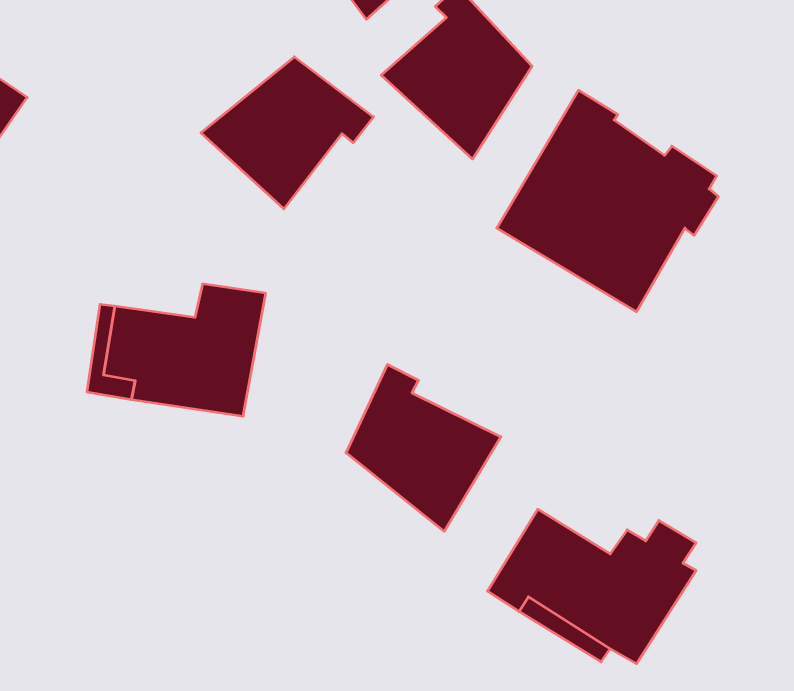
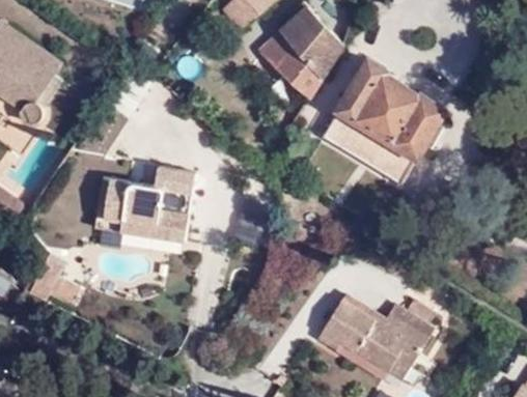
building: [201,57,374,209] -> none
building: [346,364,501,531] -> none

